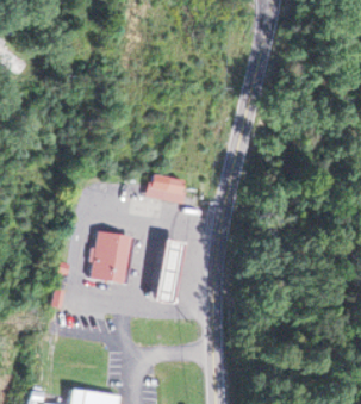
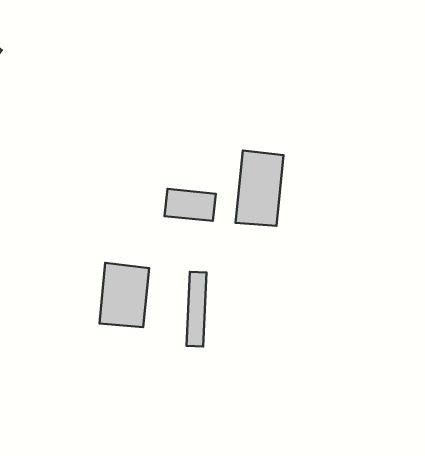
building: none -> [236,151,283,226]

